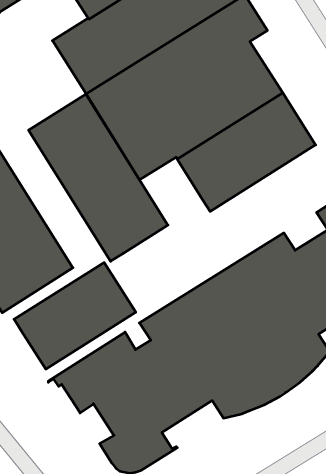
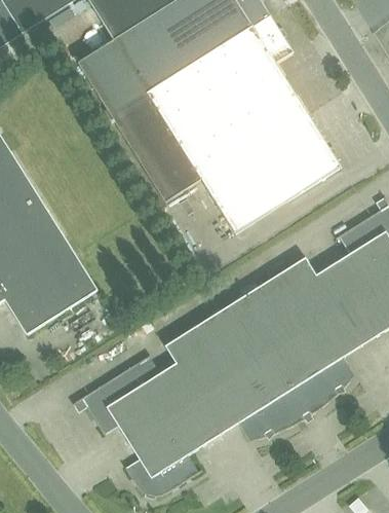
building: [29,94,168,261] -> none
building: [14,263,136,369] -> none

